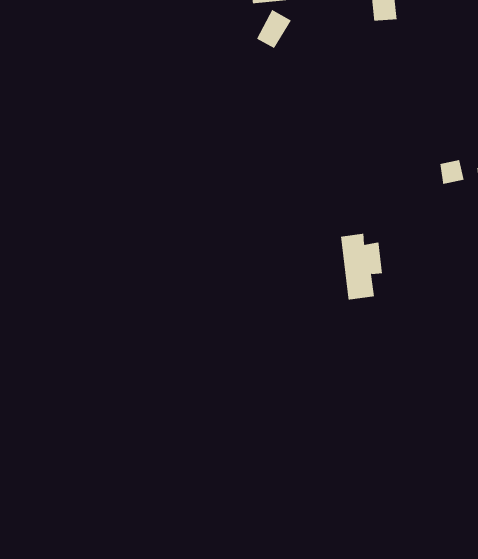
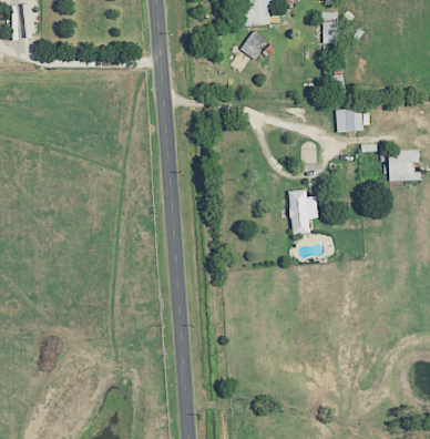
building: none -> [336,109,362,132]

